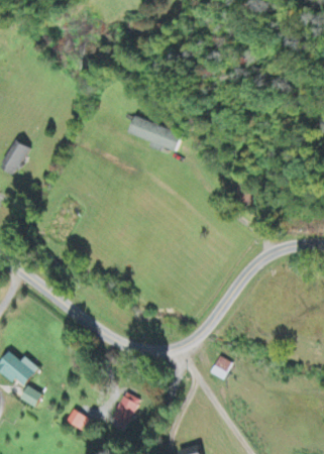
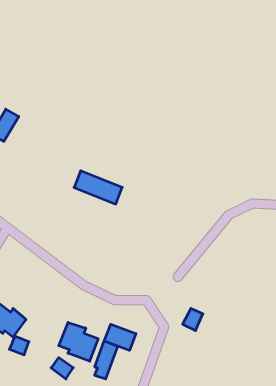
building: [127,115,180,151] -> [74,171,122,204]
building: none -> [59,322,98,361]
building: none -> [104,324,136,350]

